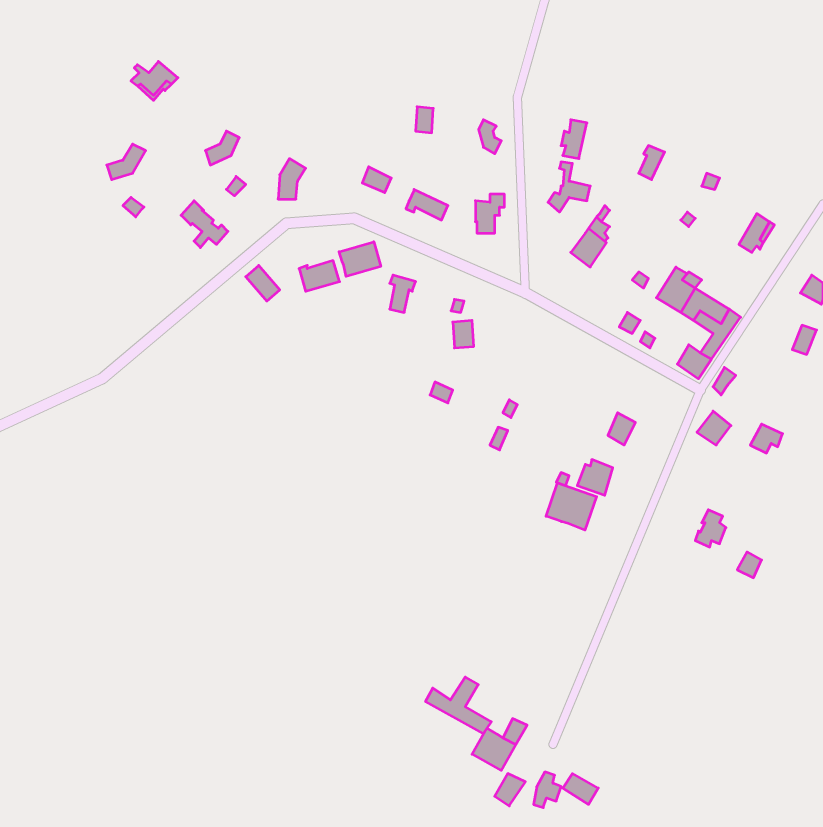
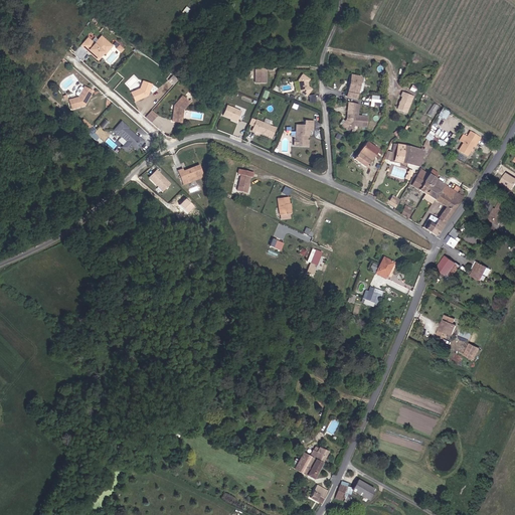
building: none -> [390,145,421,165]
building: [339,242,381,276] -> none
building: [546,483,597,530] -> none
building: [426,677,491,734] -> none

